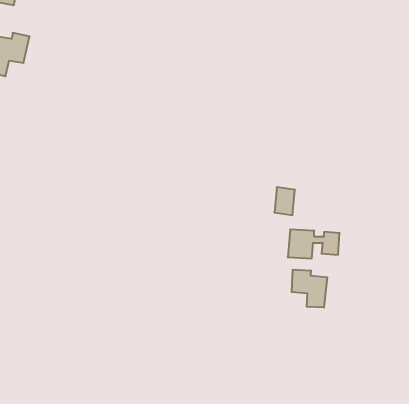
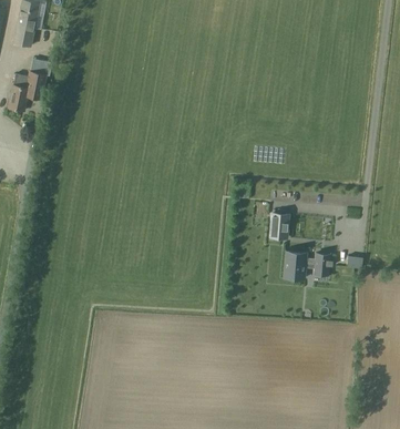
building: [292,270,327,308] -> none

